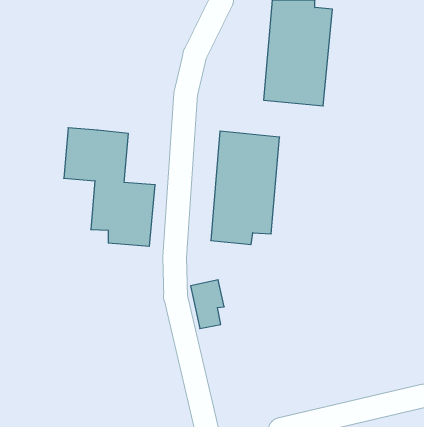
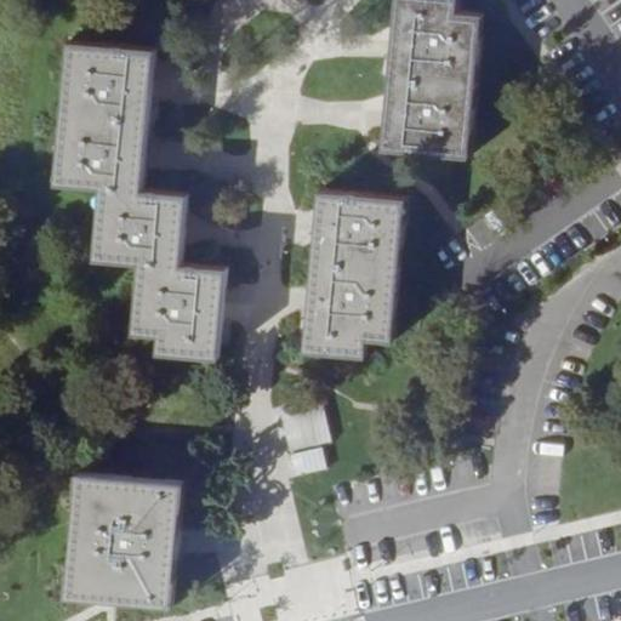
building: none -> [55,45,152,192]
building: none -> [63,475,180,608]

